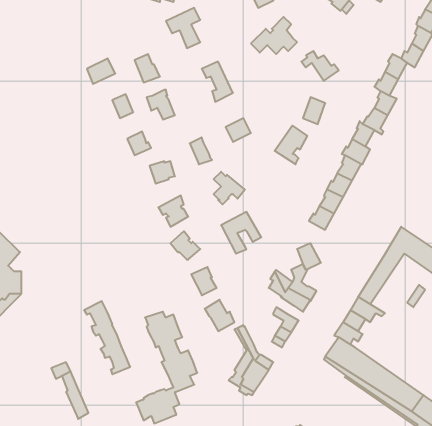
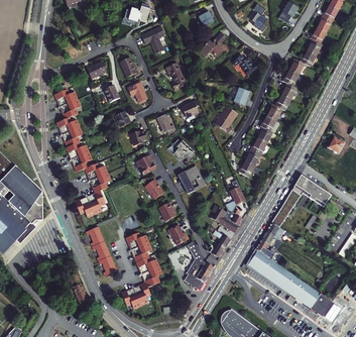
building: none -> [56,84,111,216]

